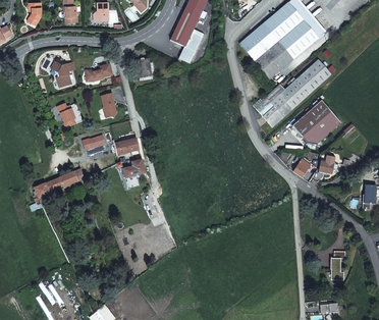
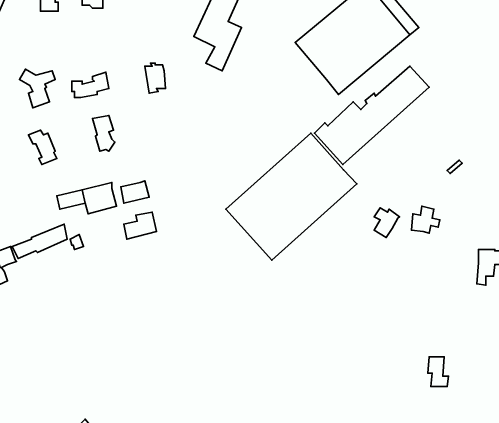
building: [292,100,340,144] -> none
building: none -> [226,133,357,260]

